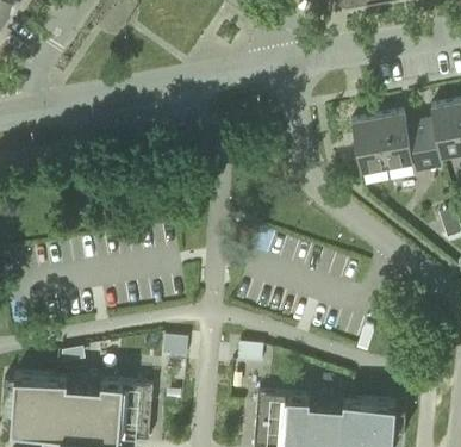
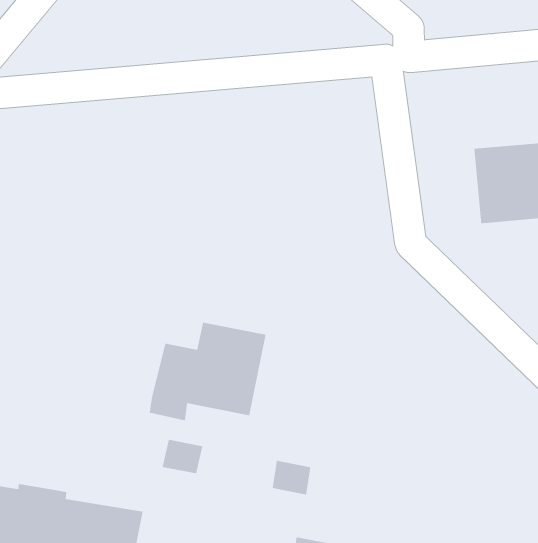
building: none -> [149,322,266,421]

